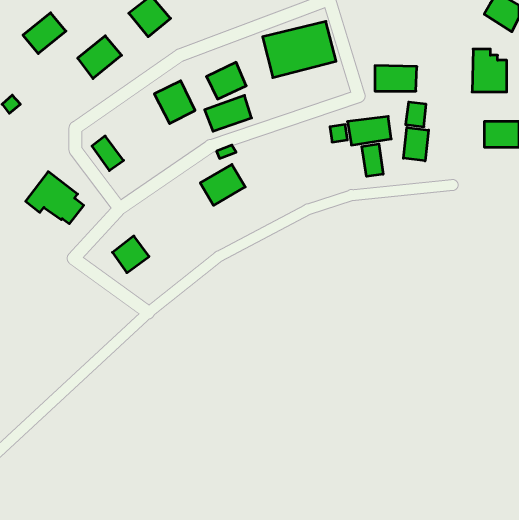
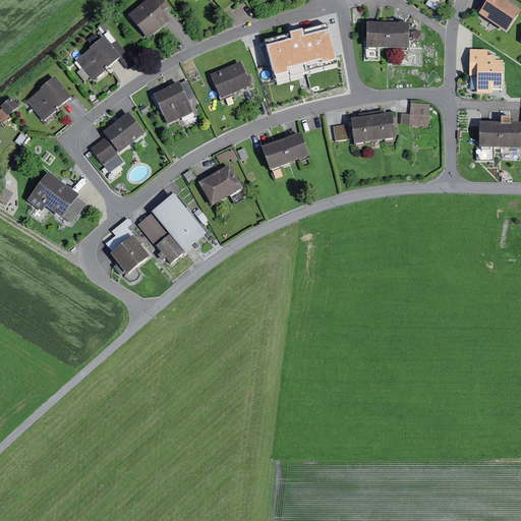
building: [23,13,66,54] -> [27,77,70,118]
building: [375,66,417,91] -> [361,23,403,49]
building: [205,95,252,131] -> [256,134,303,170]
building: none -> [105,111,146,151]
building: [403,127,429,161] -> none
building: [362,144,383,176] -> none
building: none -> [138,194,206,263]

